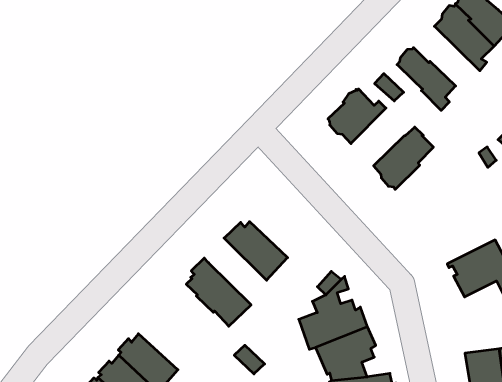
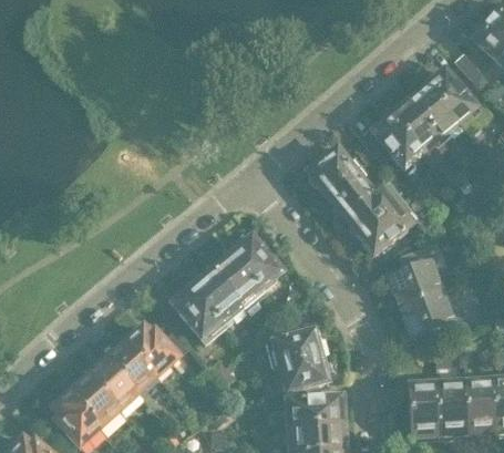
building: none -> [388,101,443,154]
building: none -> [326,167,372,216]
building: none -> [360,205,416,254]
building: none -> [388,241,445,307]
building: none -> [228,236,282,288]
building: none -> [193,266,241,326]
building: none -> [126,326,178,375]

